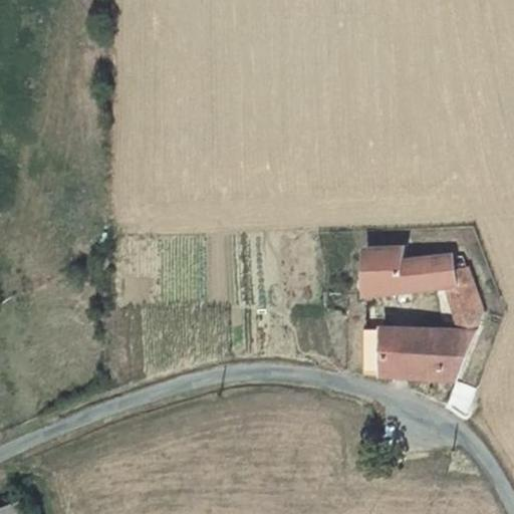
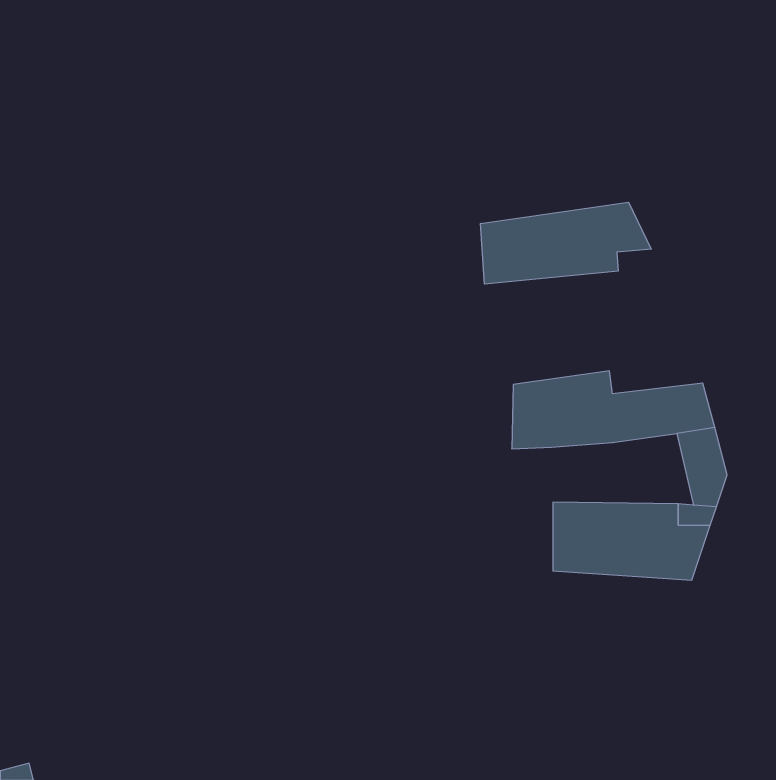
building: none -> [481,202,651,284]

